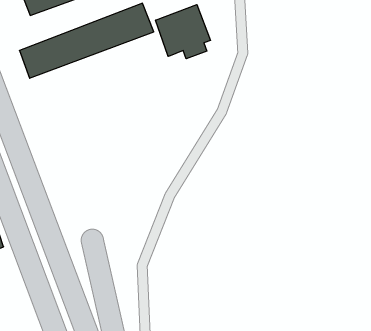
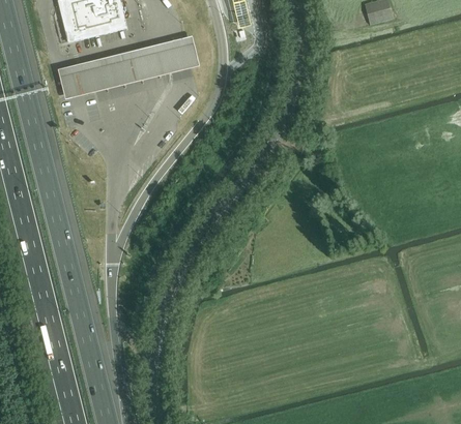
building: [156,5,211,59] -> none

